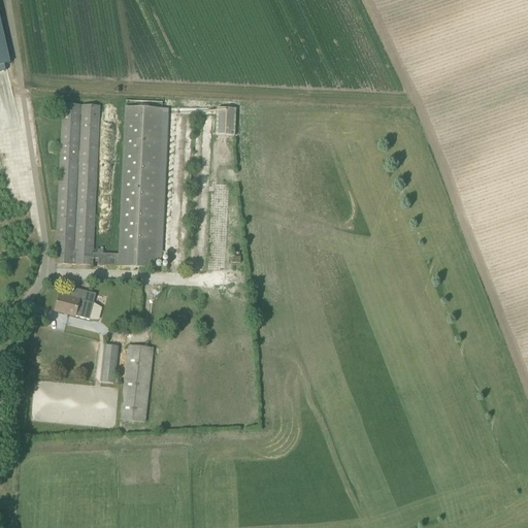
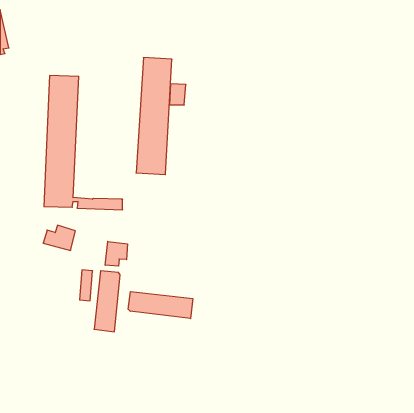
building: [119,104,164,253] -> [136,58,172,175]
building: none -> [105,241,127,266]
building: none -> [128,292,193,319]

